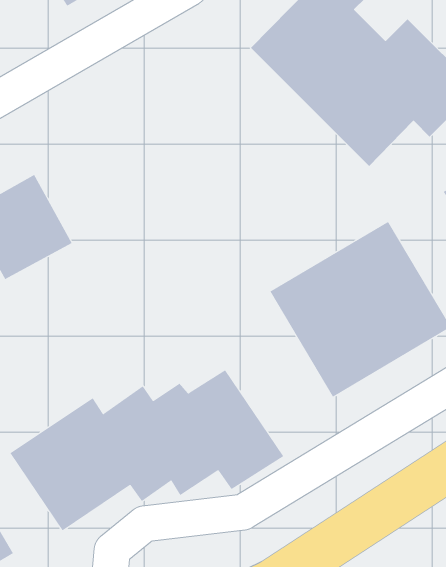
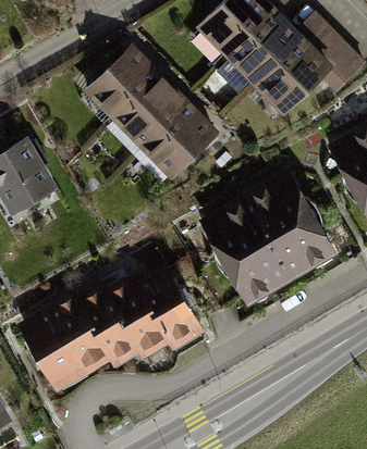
building: none -> [83,43,218,179]

